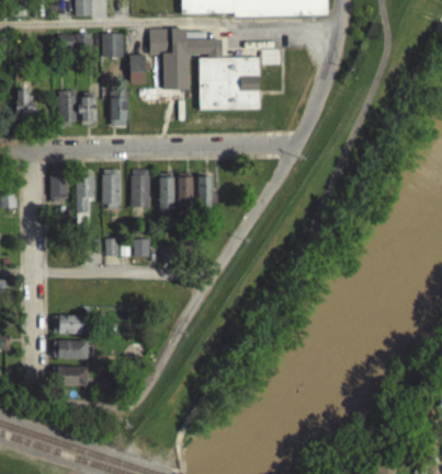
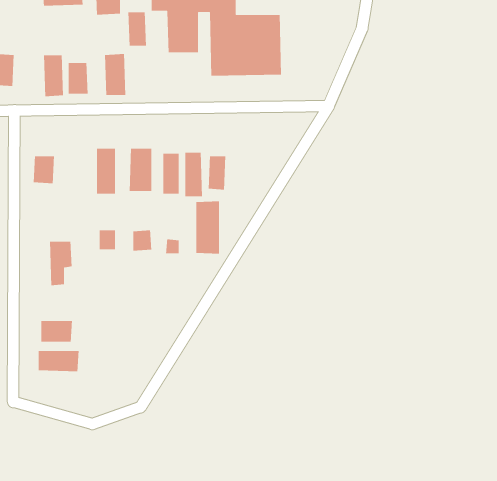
building: [76,175,95,213] -> [49,241,73,286]
building: none -> [196,201,220,254]
building: [56,366,89,386] -> none

